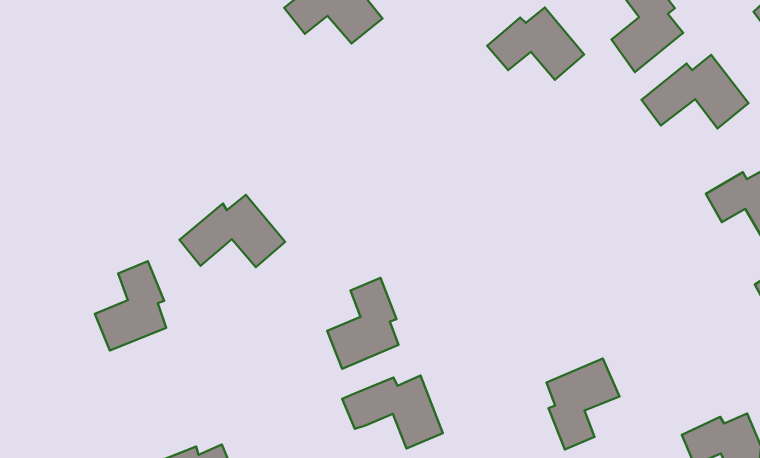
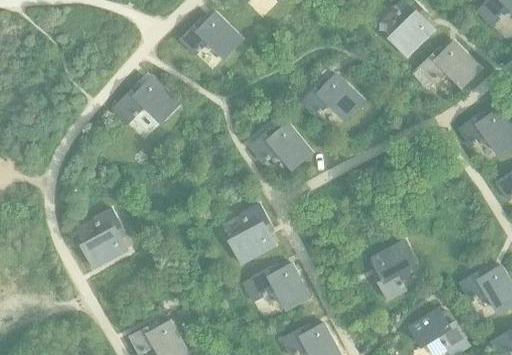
building: [487,8,584,80] -> [301,74,363,119]
building: none -> [250,123,312,169]
building: [179,195,285,267] -> [112,77,179,125]

